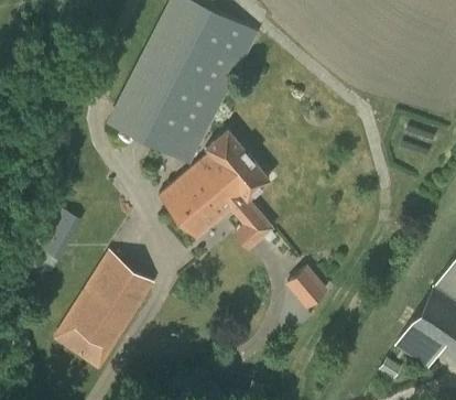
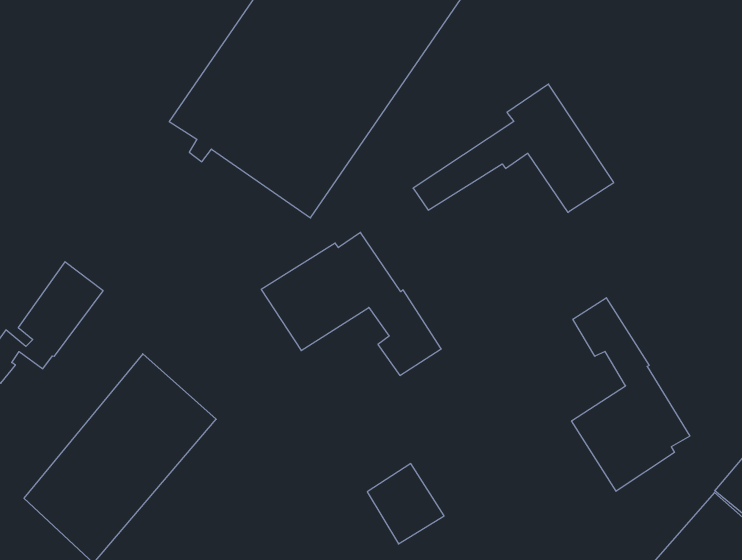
building: [160,129,270,207] -> [413,84,614,212]
building: none -> [572,298,690,491]
building: [289,262,333,307] -> [367,464,444,544]

